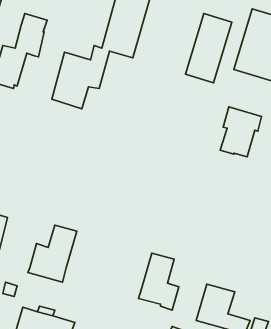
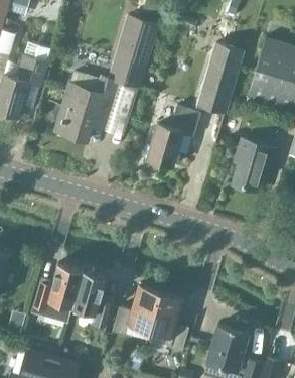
building: none -> [147,107,199,167]
building: none -> [71,270,112,329]
building: none -> [112,286,160,336]

